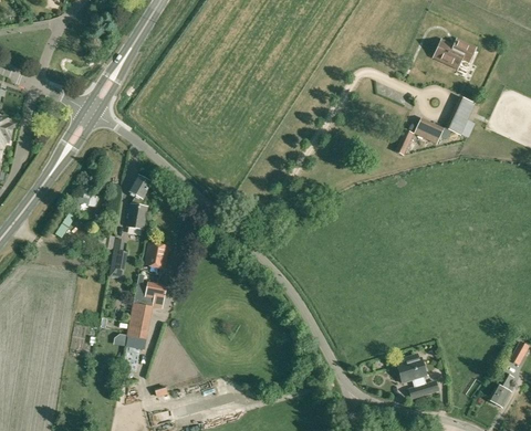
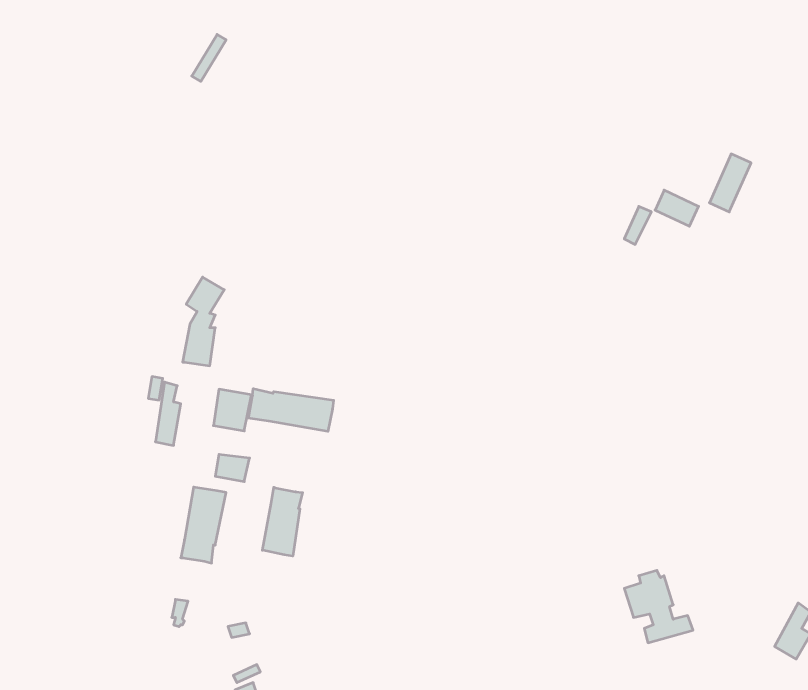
building: [434,41,476,69] -> none
building: none -> [248,389,334,431]
building: none -> [262,487,303,556]

